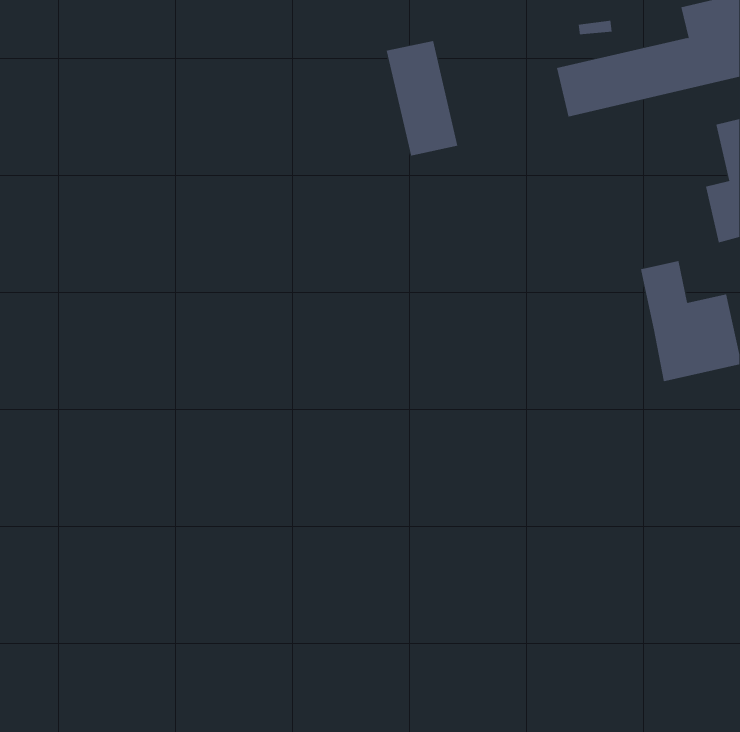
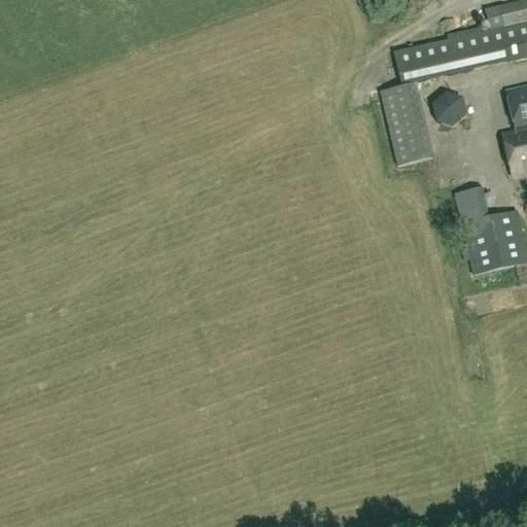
building: [386,40,458,156] -> [382,82,433,165]
building: none -> [432,90,466,125]

